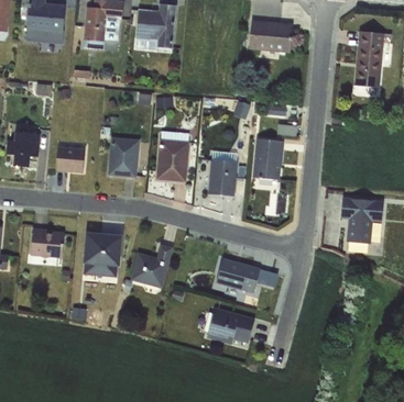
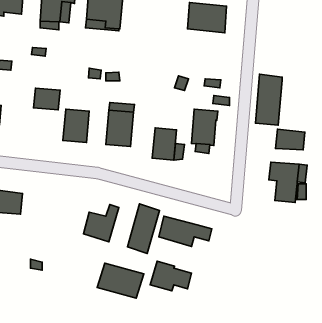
building: [354,30,384,87] -> [256,74,282,125]
building: [56,147,86,171] -> [34,88,60,110]
building: none -> [276,129,305,150]
building: [84,232,121,276] -> none
building: none -> [127,204,159,253]
building: none -> [97,263,144,298]

